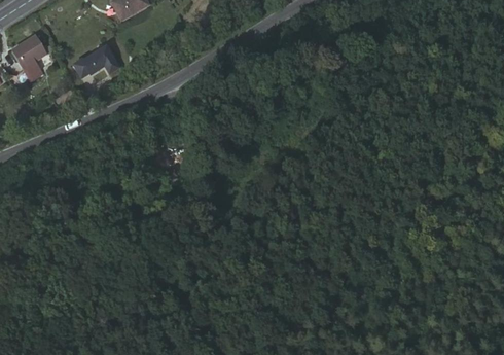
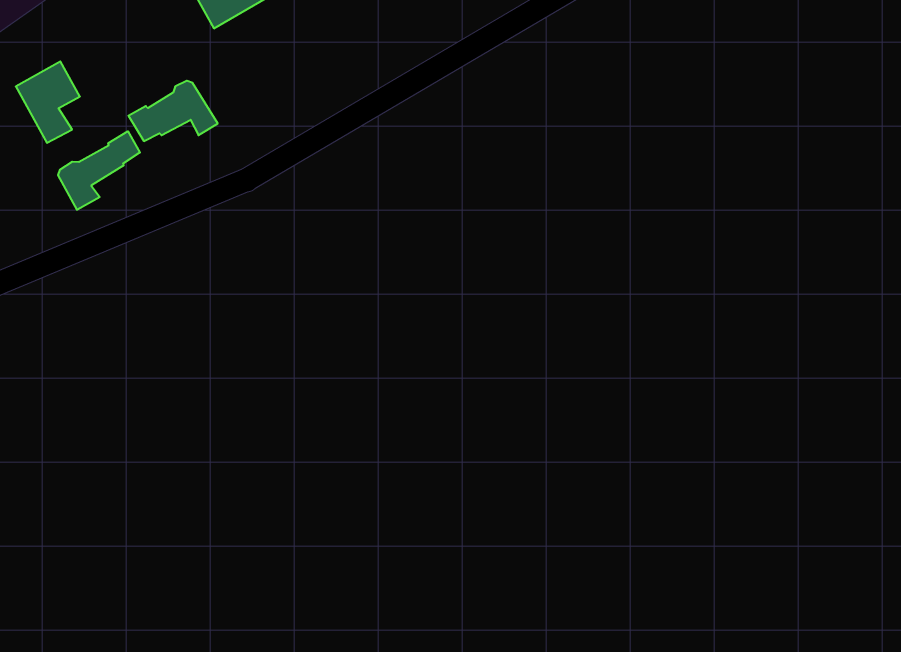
building: none -> [58,131,140,210]

